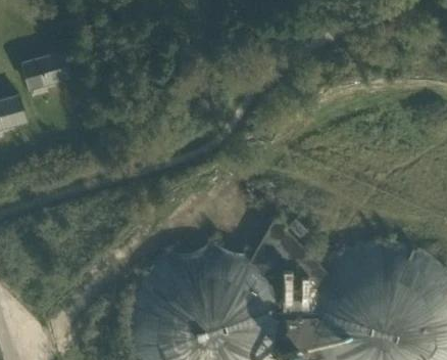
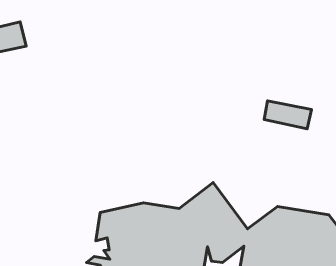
building: none -> [264,101,312,129]

